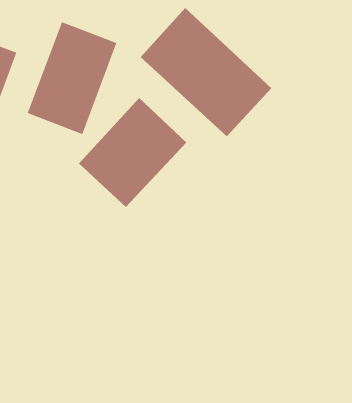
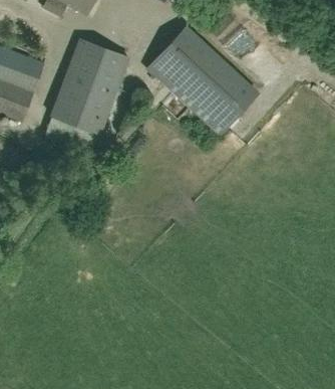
building: [78,97,187,208] -> none

